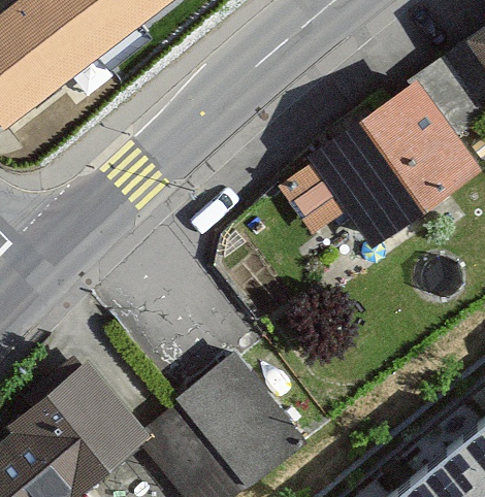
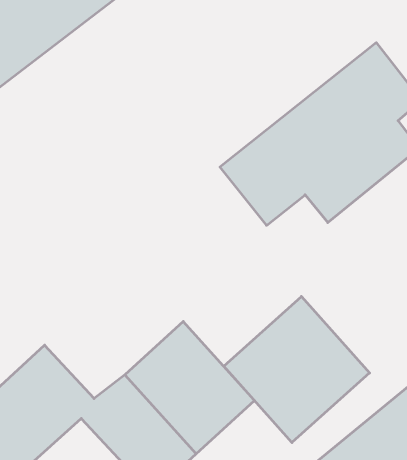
building: none -> [224,296,370,443]

